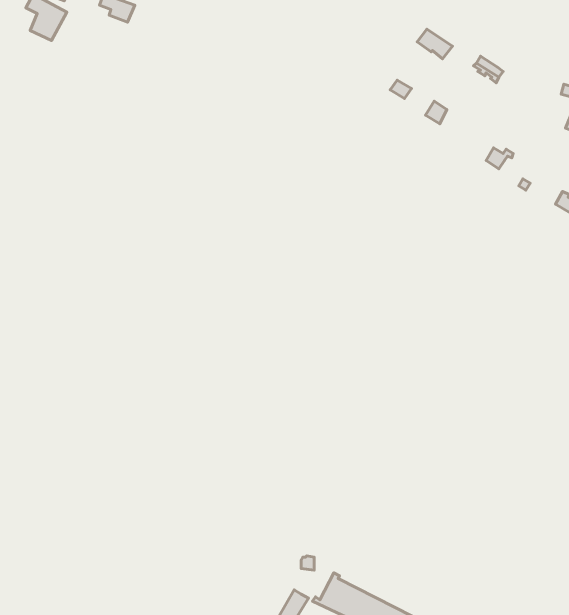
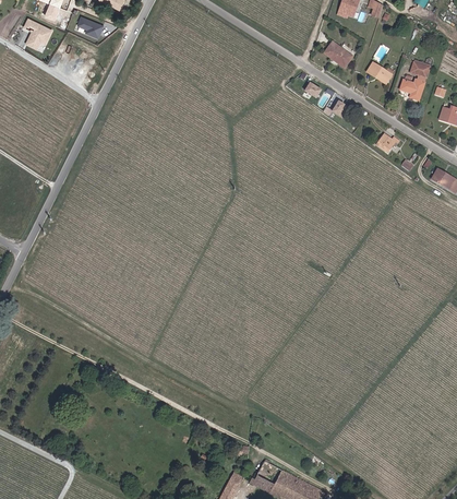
building: none -> [399,60,429,99]

